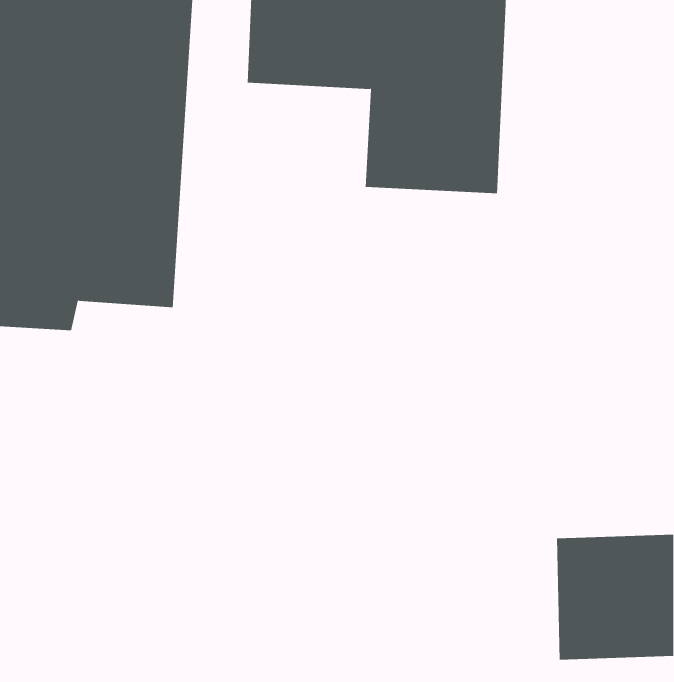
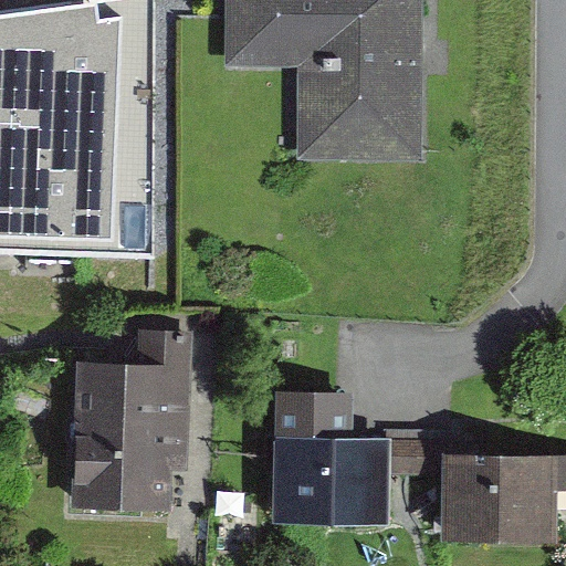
building: none -> [67,354,182,515]
building: none -> [276,427,432,524]

